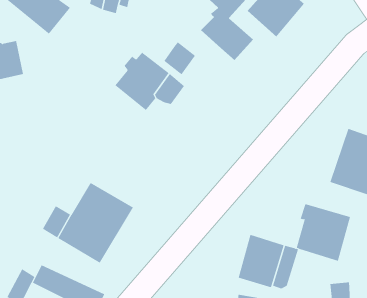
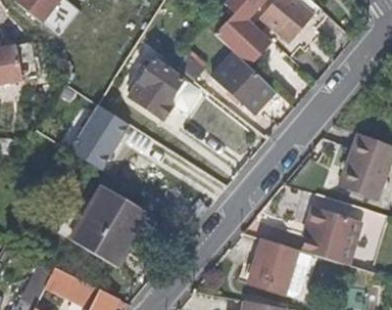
building: none -> [211,52,273,112]
building: none -> [69,104,129,170]

